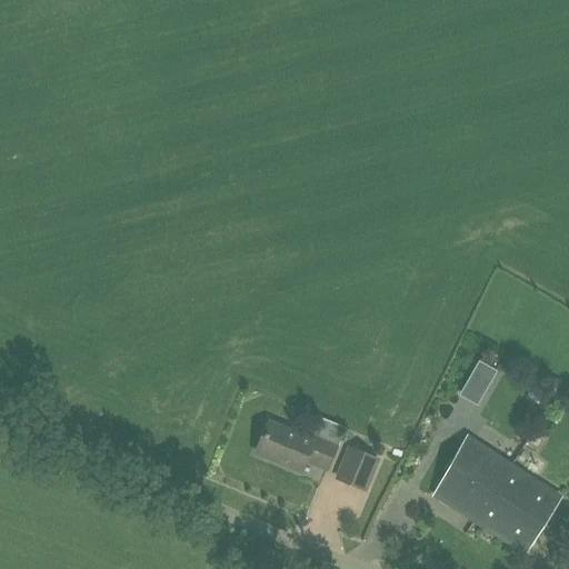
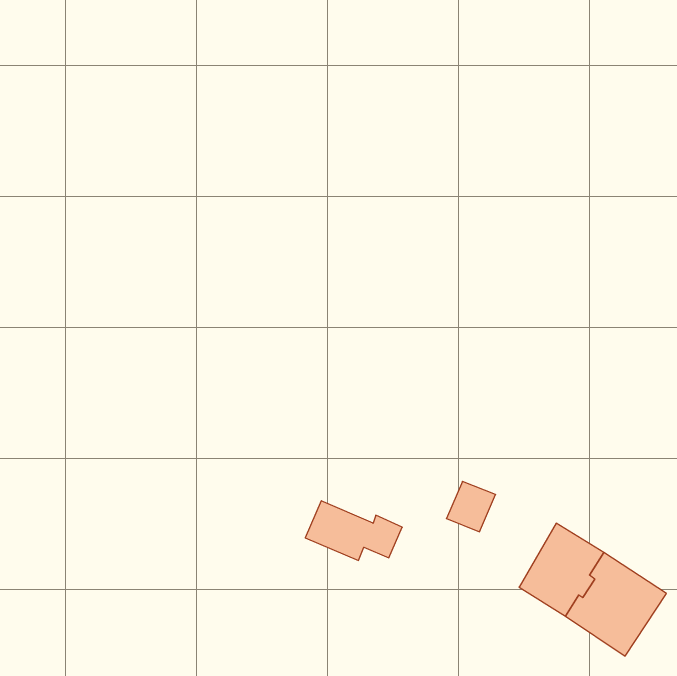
building: [459,360,498,405] -> none
building: [337,446,378,488] -> [446,481,496,532]

